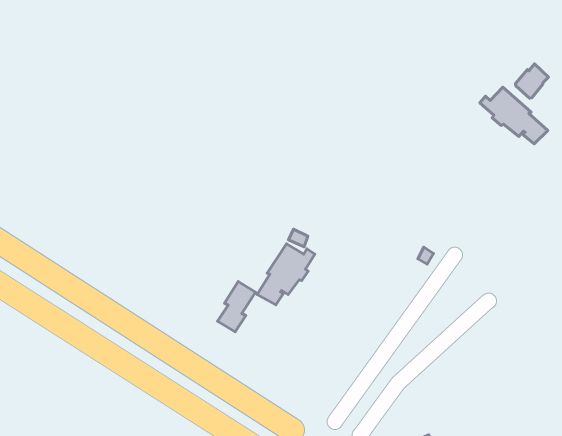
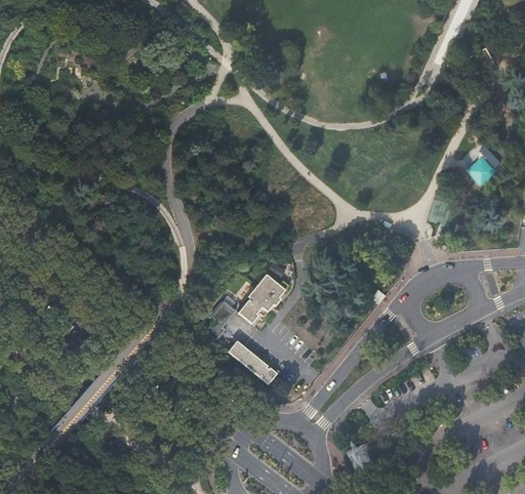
building: [480,87,548,144] -> none
building: none -> [228,340,277,384]

